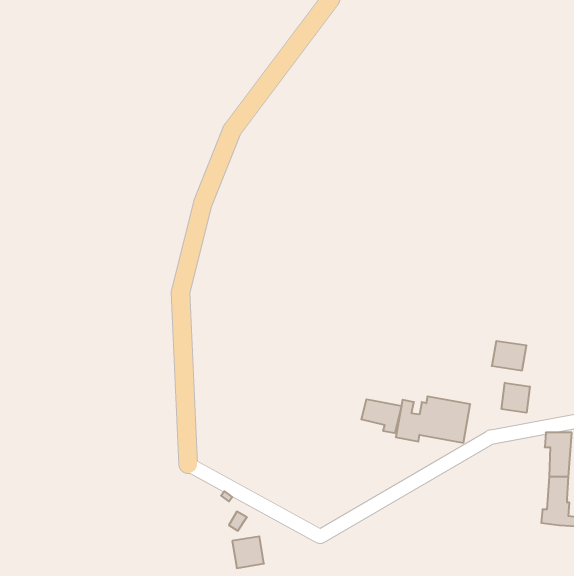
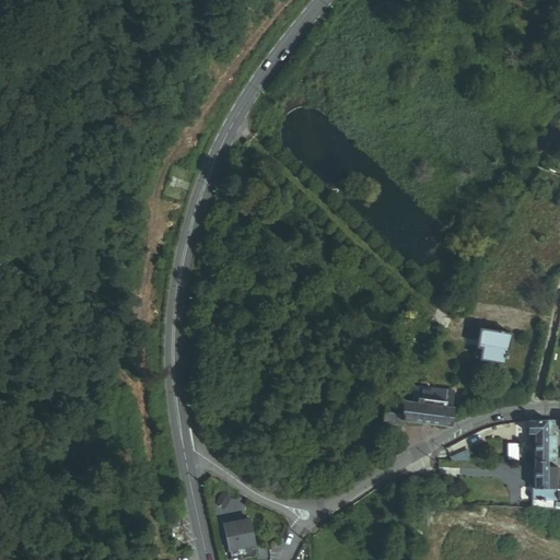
building: [502,383,530,413] -> none
building: [362,399,402,433] -> none

